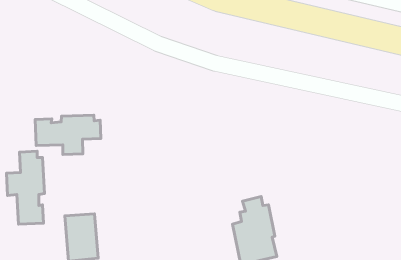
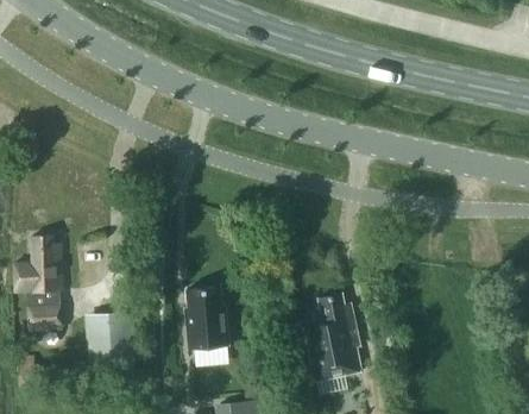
building: [35,115,101,155] -> none
building: none -> [184,286,228,347]

